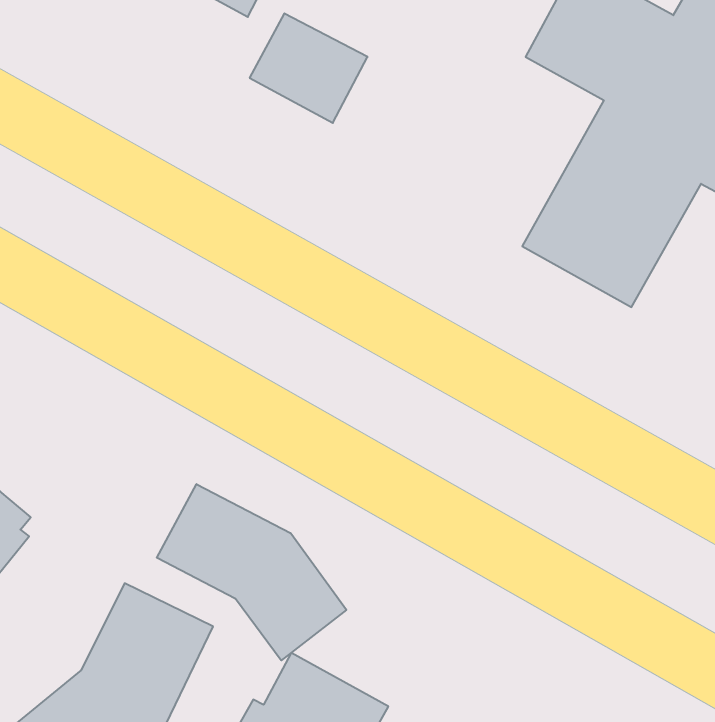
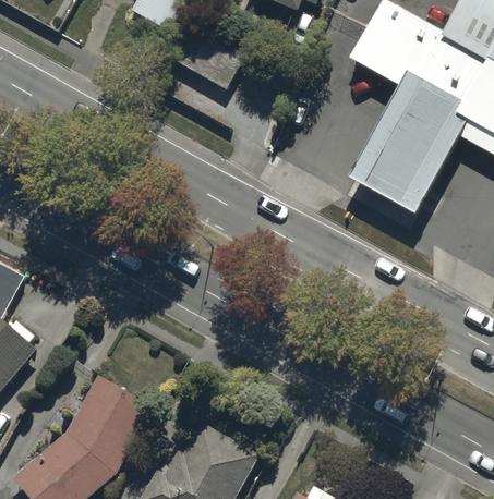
building: [157,484,346,660] -> none

